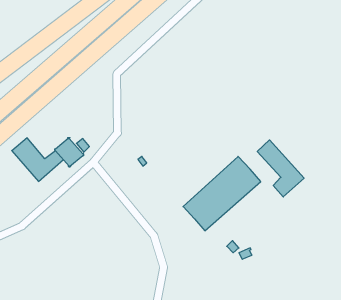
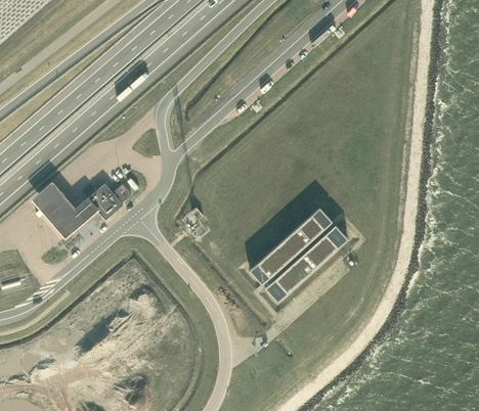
building: [257,140,304,197] -> none

